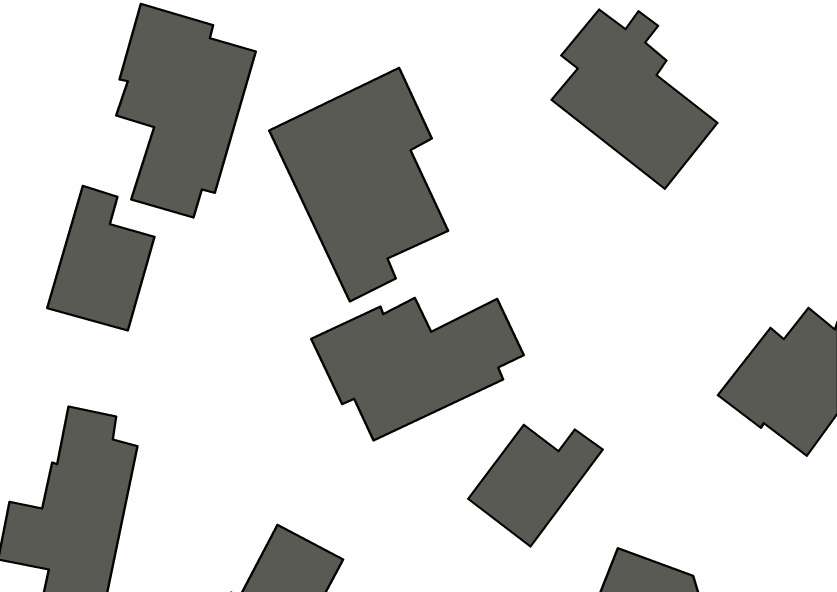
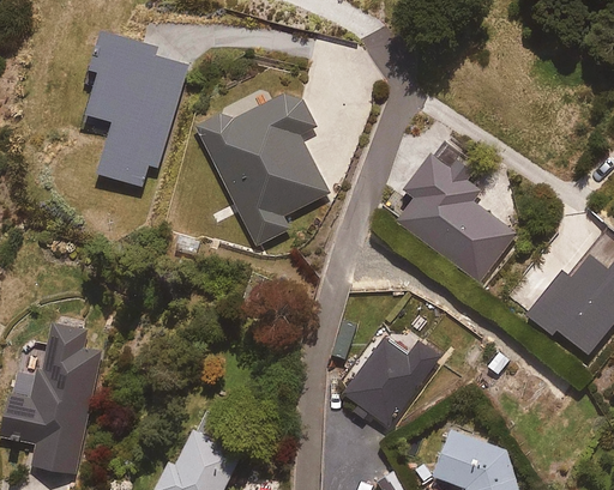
building: [551,9,717,189] -> [396,153,517,284]
building: [47,186,155,331] -> none
building: [311,298,524,440] -> none

